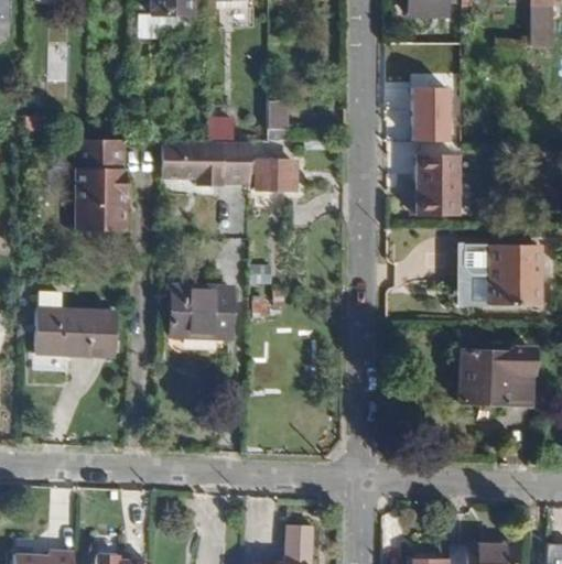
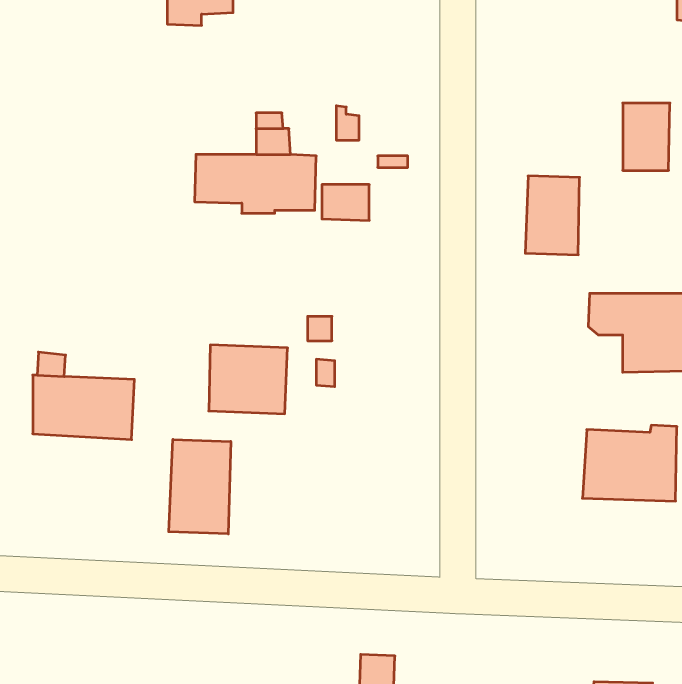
building: [410,87,446,139] -> [623,103,670,170]
building: [78,139,130,230] -> none
building: [460,246,491,306] -> none
building: none -> [169,439,231,534]

